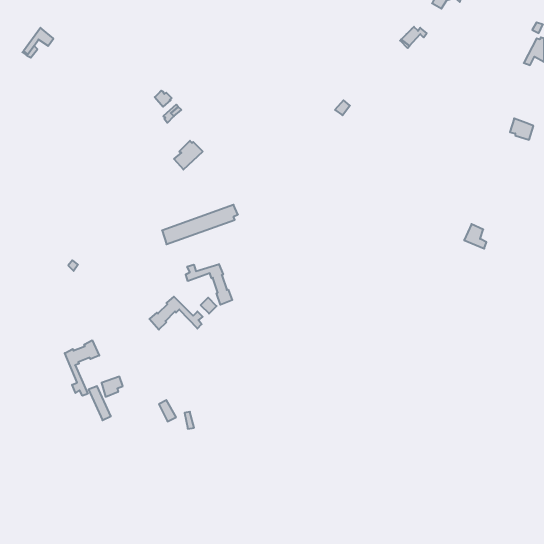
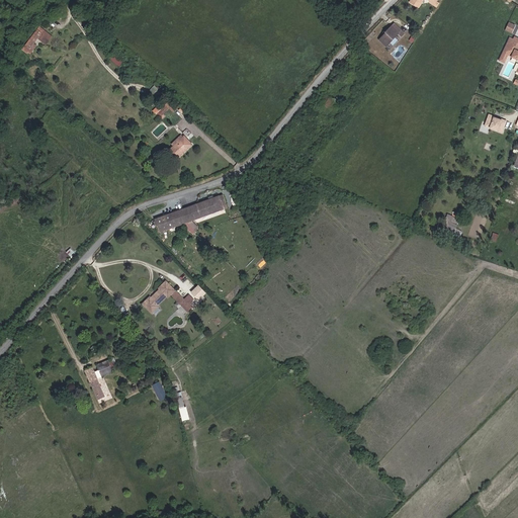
building: [186,264,232,305] -> none
building: [65,340,99,396] -> none

